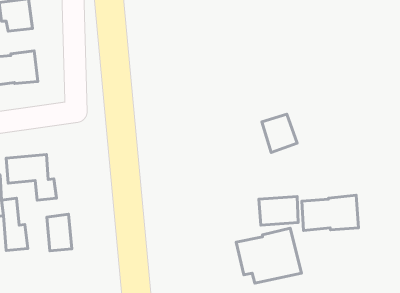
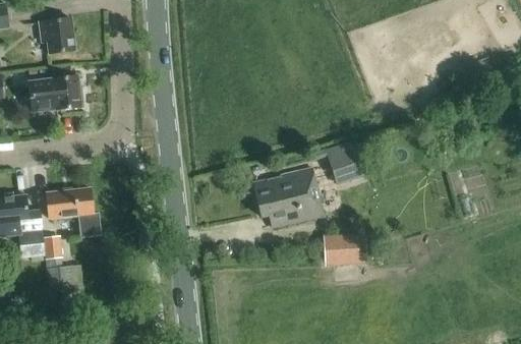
building: [302,195,358,231] -> none
building: [47,214,72,251] -> none
building: [236,228,302,283] -> [252,166,324,226]

